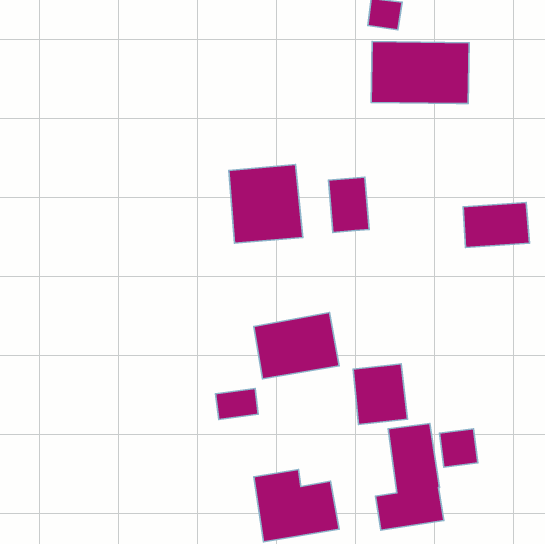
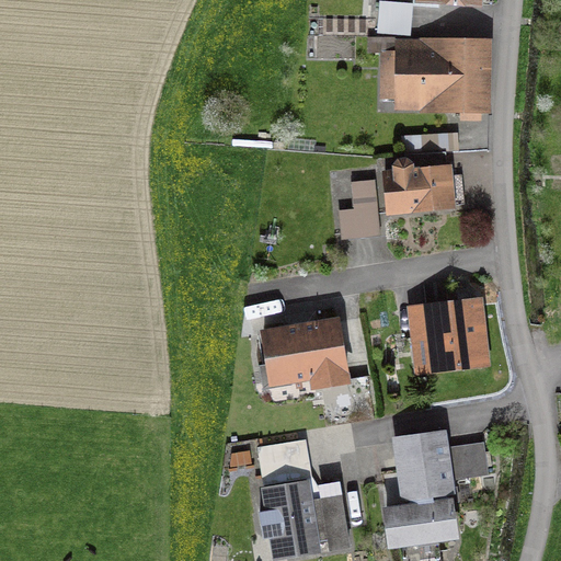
building: [229,164,303,243] -> none
building: [463,203,529,247] -> [386,163,454,209]
building: [353,364,408,425] -> [426,304,482,366]
building: [216,389,258,420] -> [261,443,305,474]

